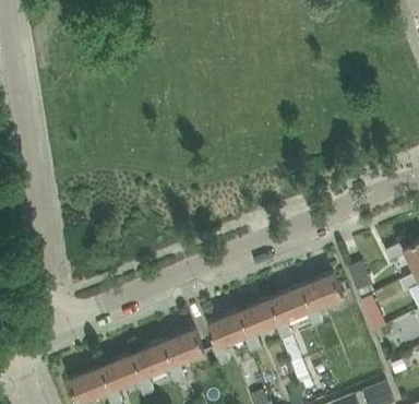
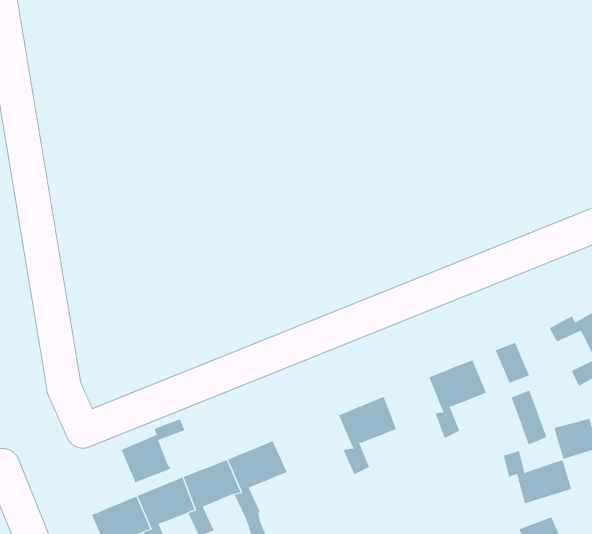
building: [271,286,311,341] -> none
building: [207,312,249,366] -> none
building: none -> [121,419,185,483]
building: none -> [503,450,572,504]

